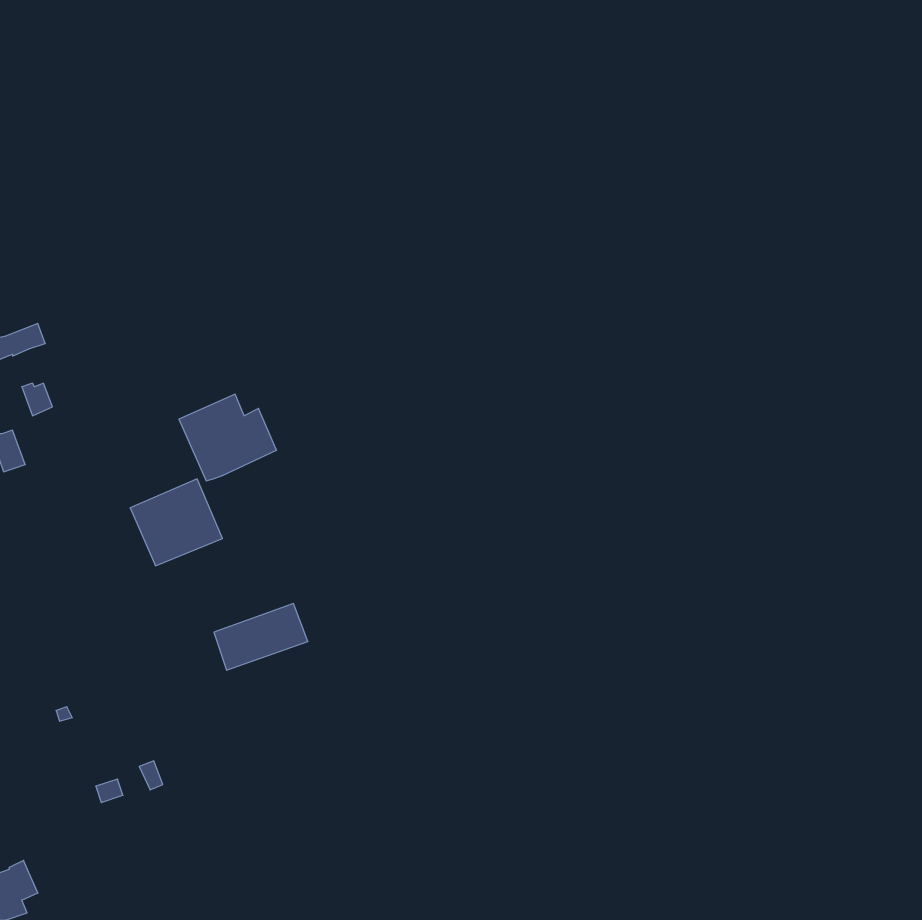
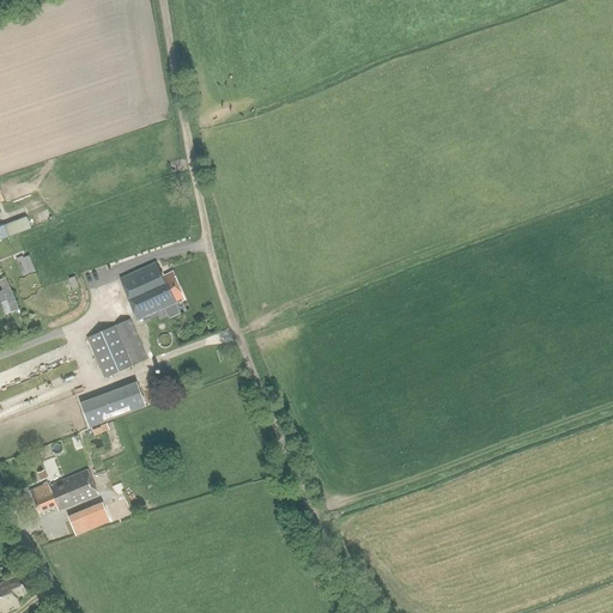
building: [214,603,308,670] -> [83,381,145,425]
building: none -> [28,468,97,512]

